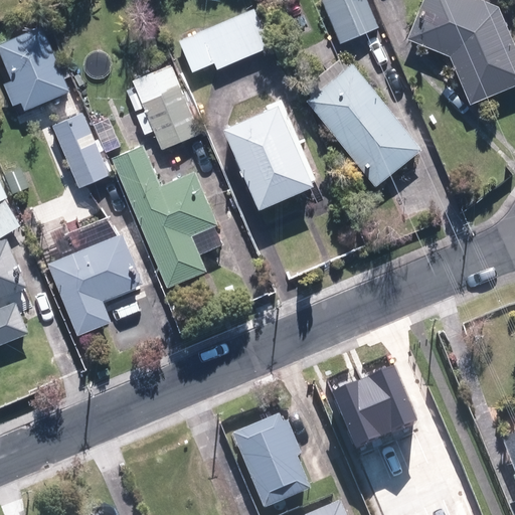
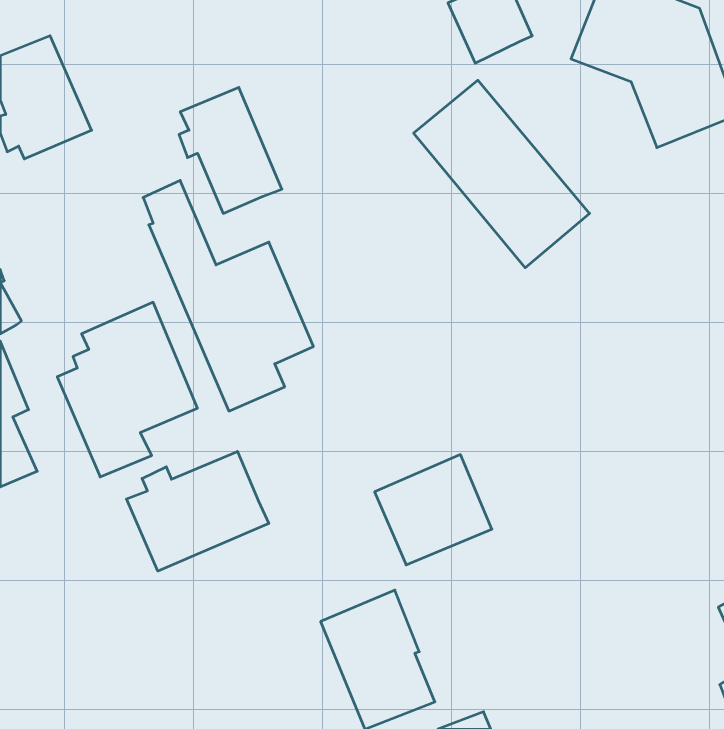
building: [178,6,275,72] -> none
building: [217,103,318,211] -> none
building: [52,113,110,187] -> none
building: none -> [126,451,269,571]
building: [338,365,420,443] -> [375,455,492,565]

